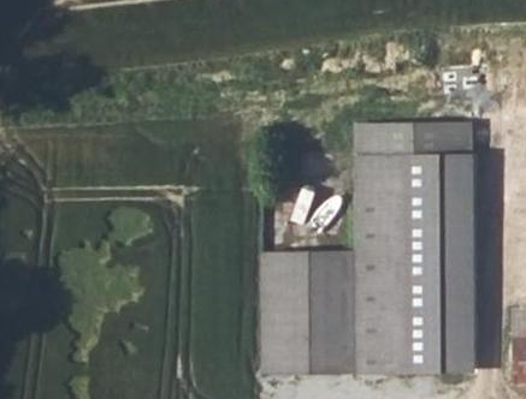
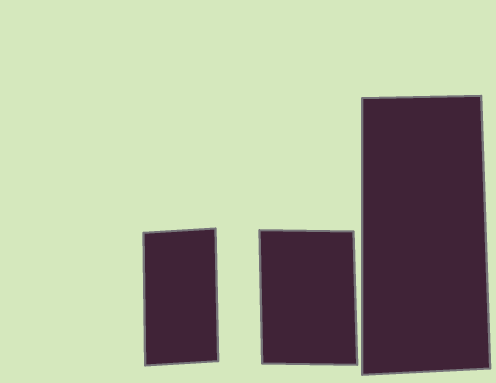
building: none -> [143,229,218,366]

